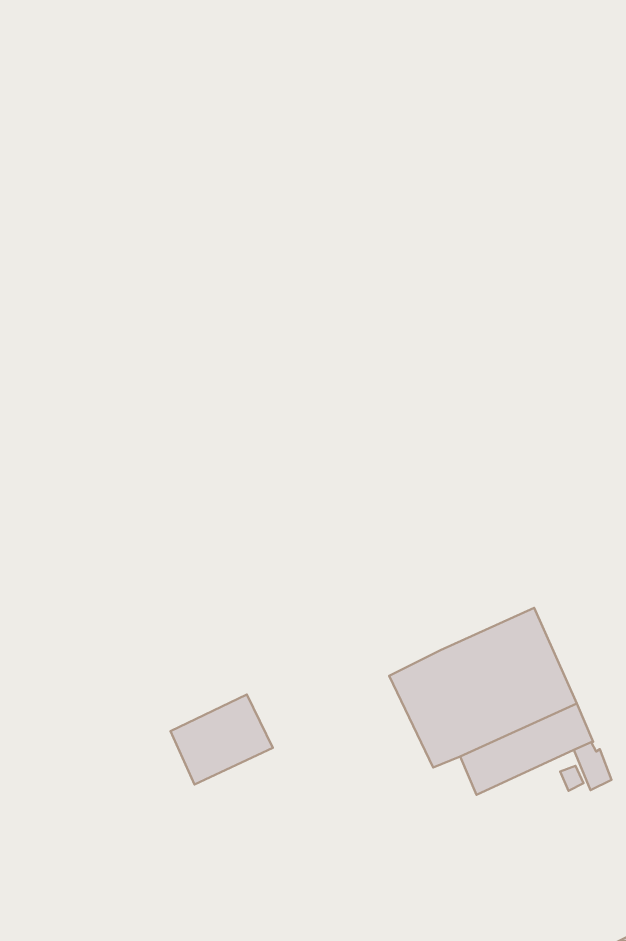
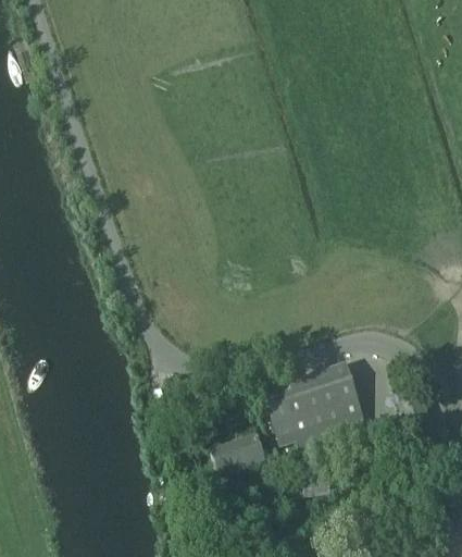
building: [171,695,273,785] -> [208,431,262,476]

